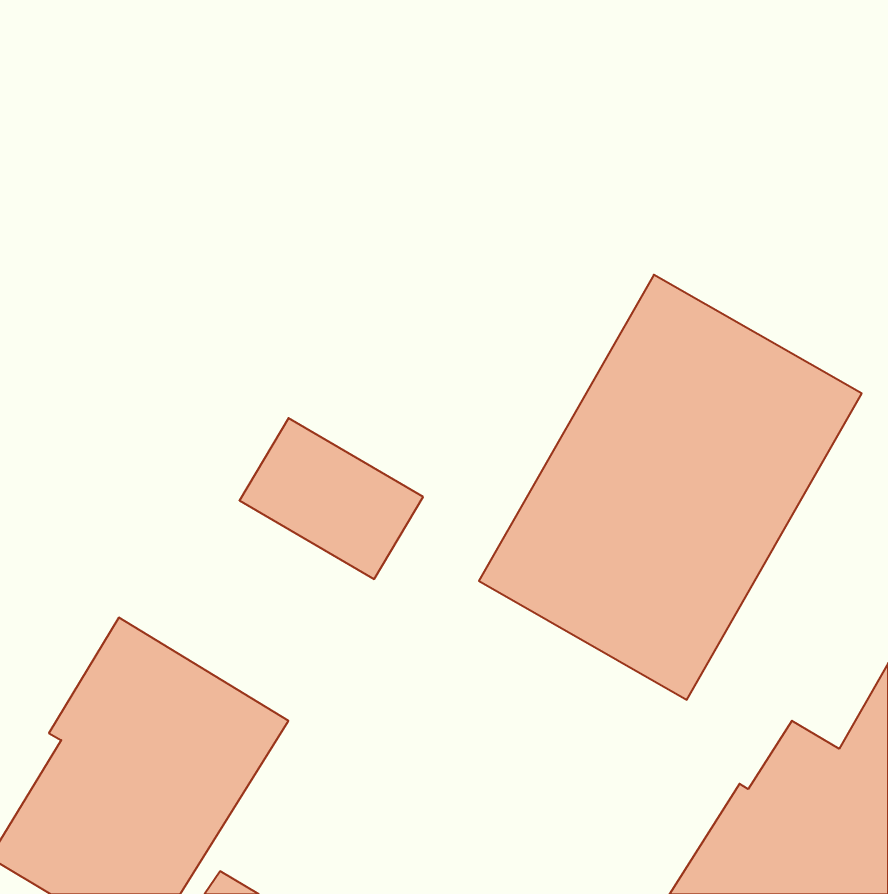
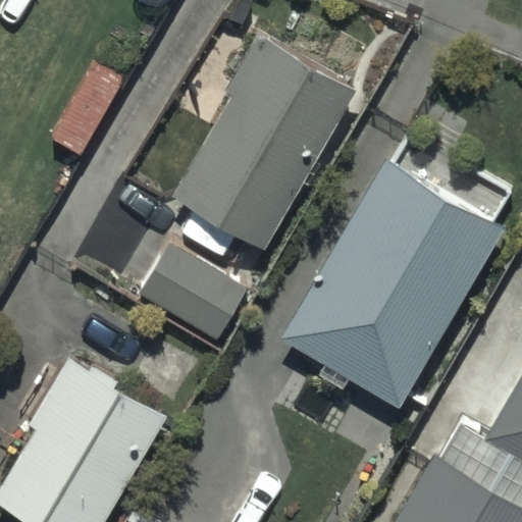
building: none -> [175,38,356,253]

